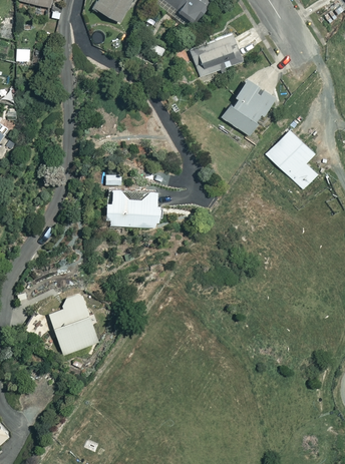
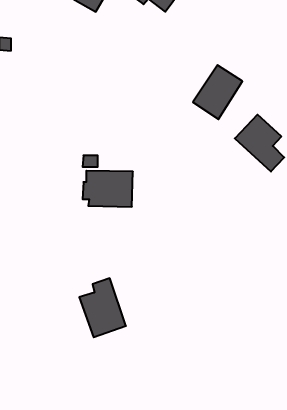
building: [190,34,243,77] -> none
building: [49,294,98,356] -> [79,278,126,337]

